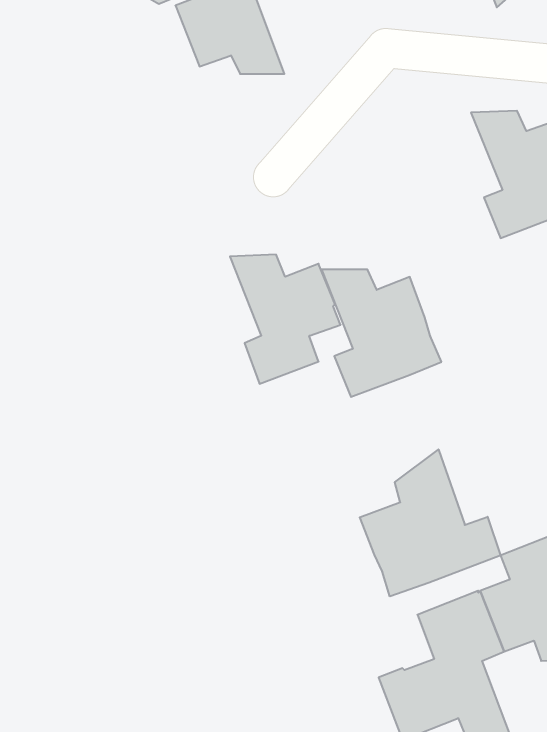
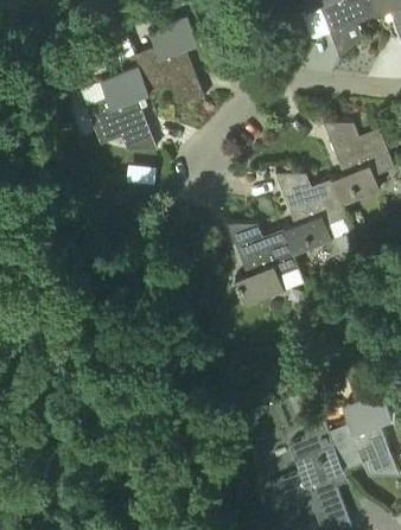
building: none -> [81,66,157,149]
building: [230,255,341,384] -> [275,172,346,255]
building: [360,449,500,596] -> none

